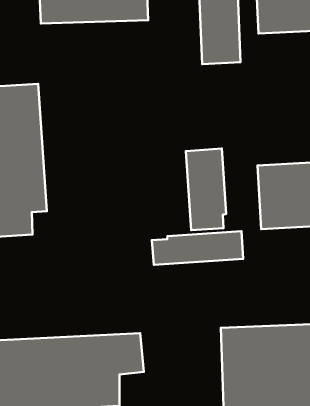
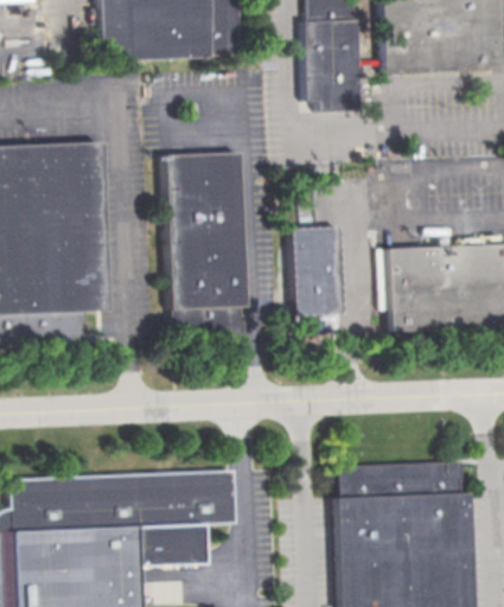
building: none -> [166,151,248,338]
building: [152,231,243,265] -> none

